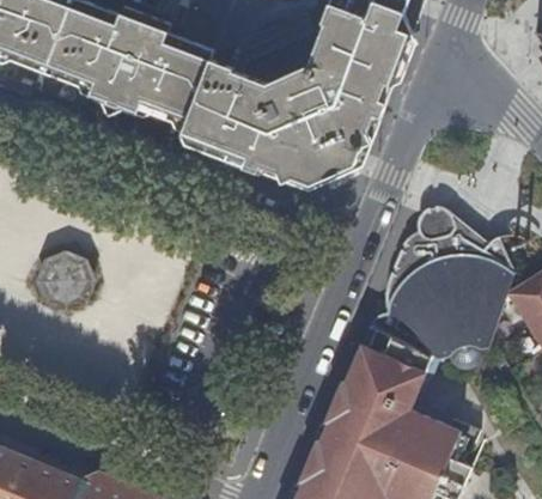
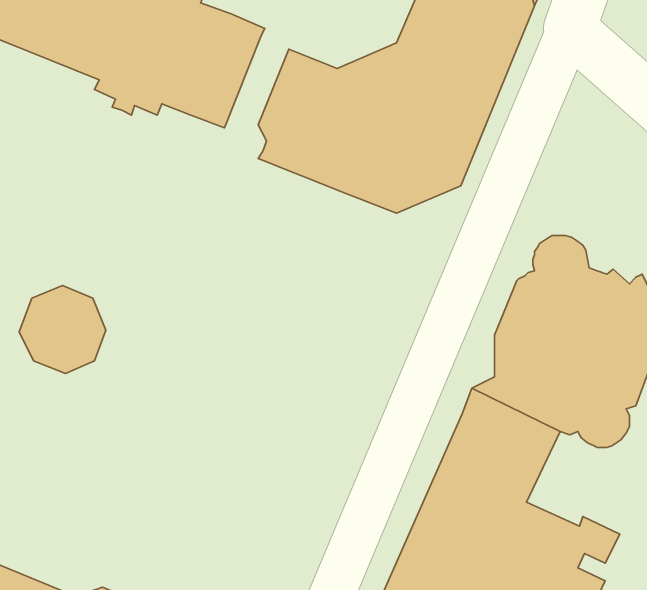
building: [183,59,233,145] -> none

